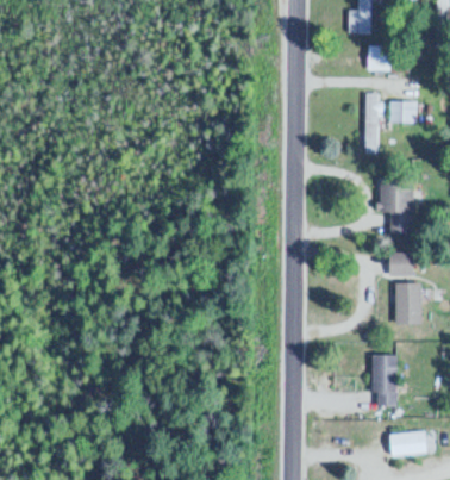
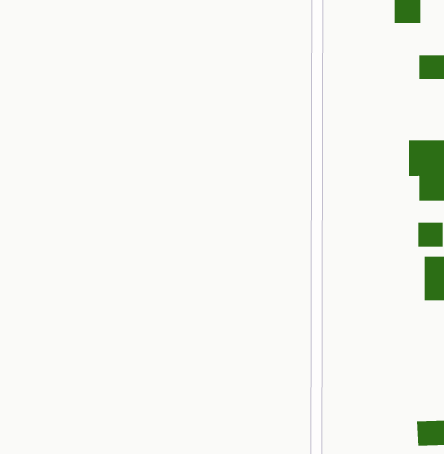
building: [357,93,381,152] -> none
building: [373,356,399,407] -> none

